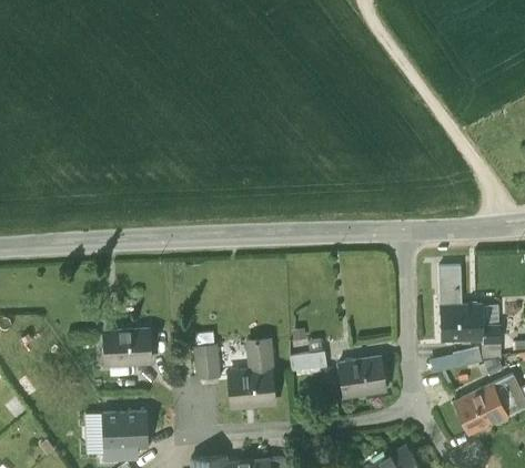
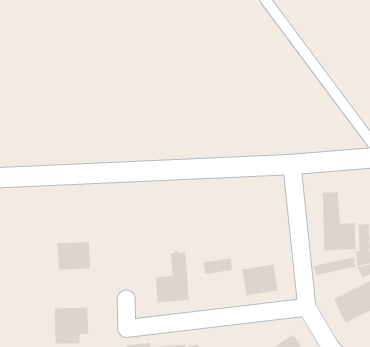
building: [195,347,219,380] -> none

